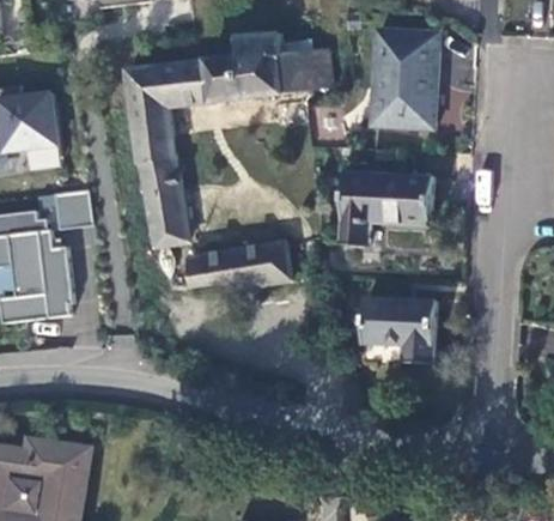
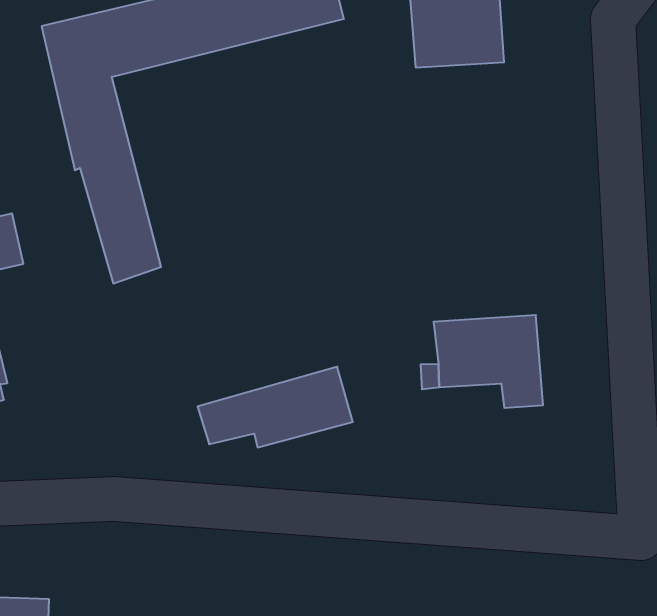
building: [340,171,430,244] -> none
building: [185,241,288,289] -> [198,367,353,447]

